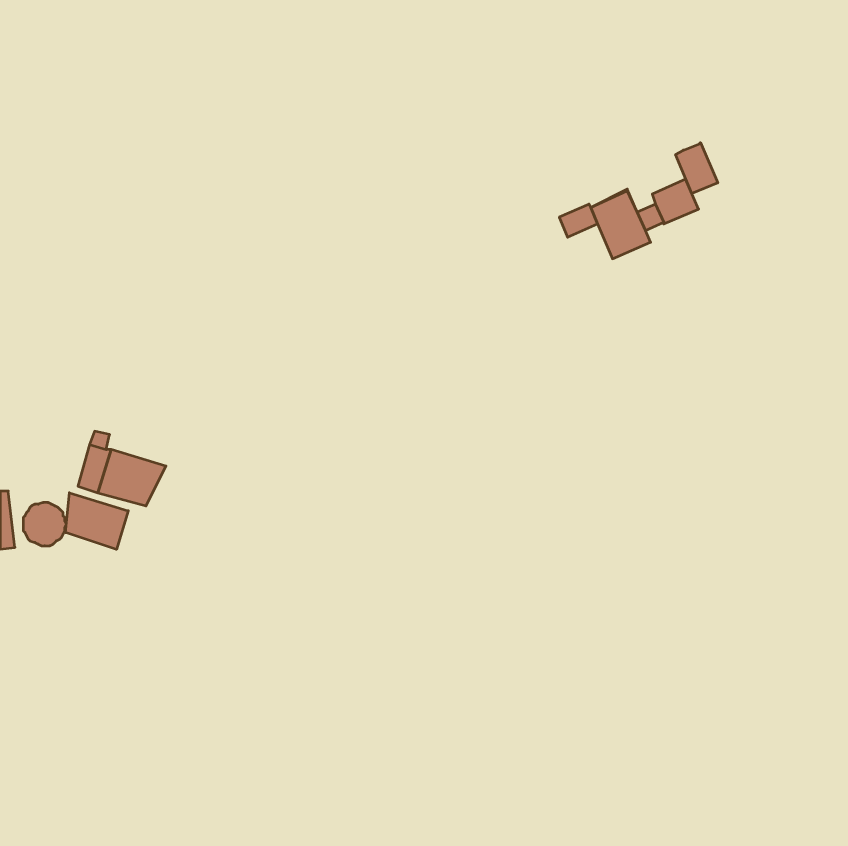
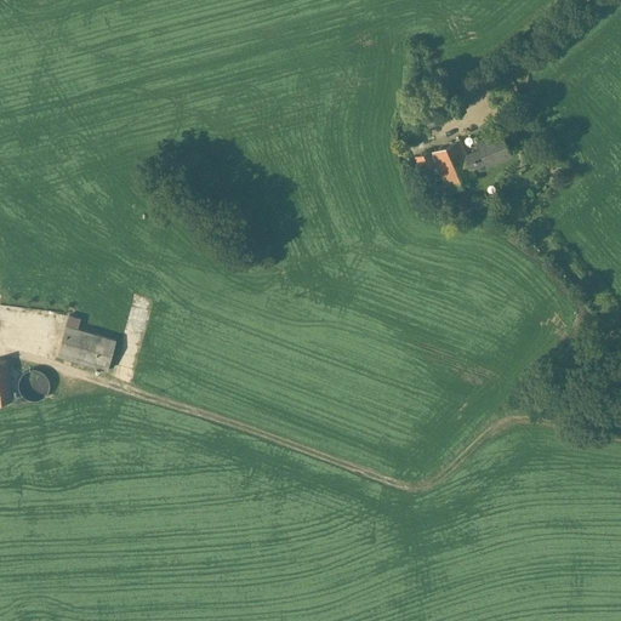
building: [676,143,718,194] -> none
building: [66,493,128,549] -> none

